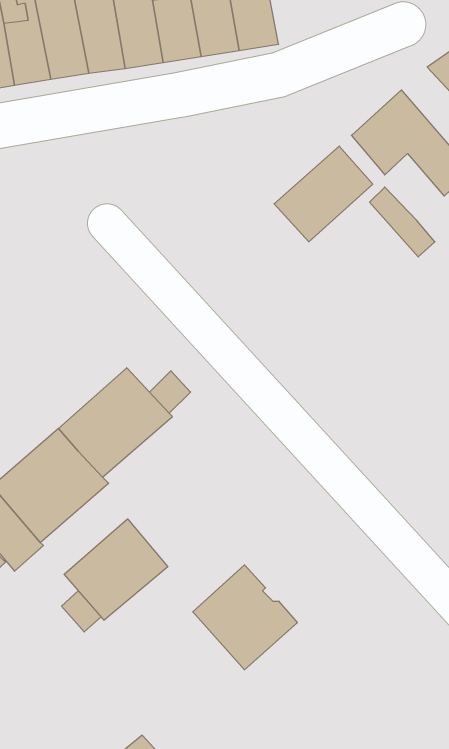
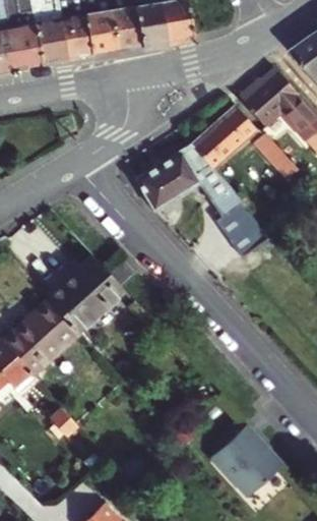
building: none -> [134,144,264,247]
building: [64,519,168,620] -> none
building: [193,565,297,670] -> [209,422,279,493]

